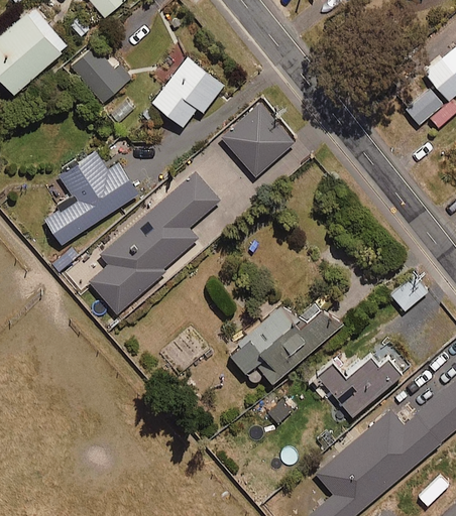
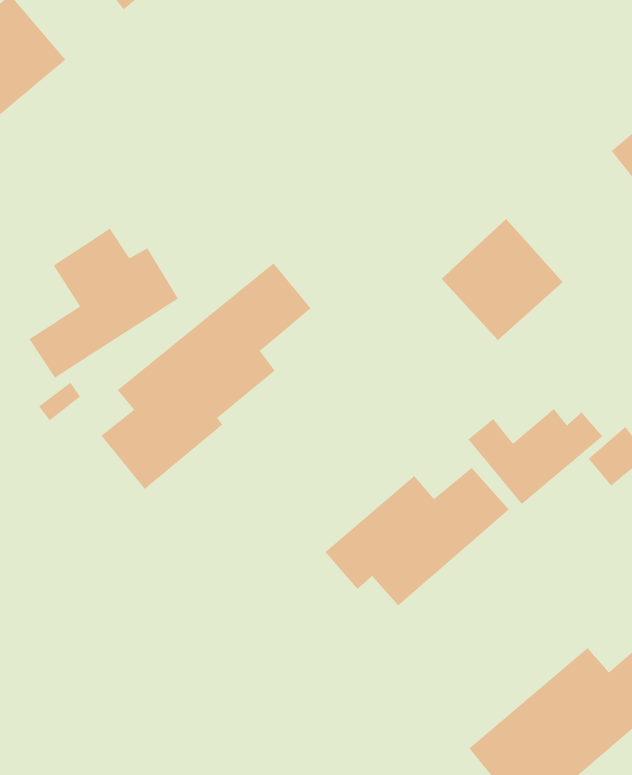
building: [71,46,132,103] -> none
building: [152,57,224,127] -> none
building: [221,102,297,177] -> [441,218,563,341]
building: [319,358,403,417] -> [467,408,603,505]

